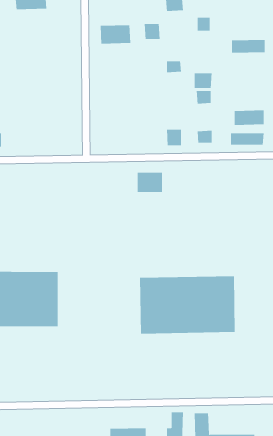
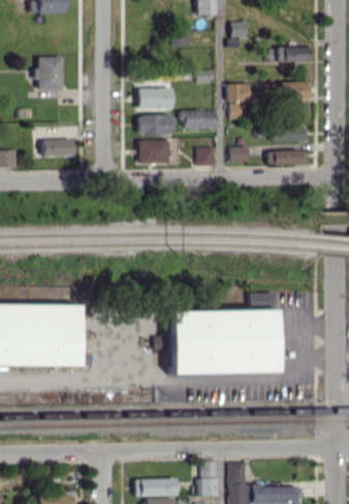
building: [100,25,131,44] -> [138,88,173,109]
building: none -> [36,56,63,90]
building: none -> [279,81,312,99]
building: none -> [181,110,219,129]
building: none -> [138,114,176,135]
building: none -> [42,139,75,157]
building: [137,172,163,193] -> [140,140,169,163]

